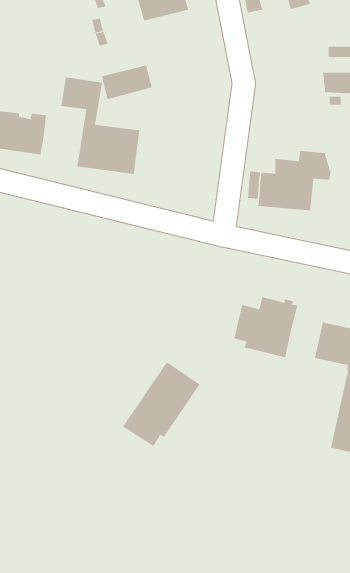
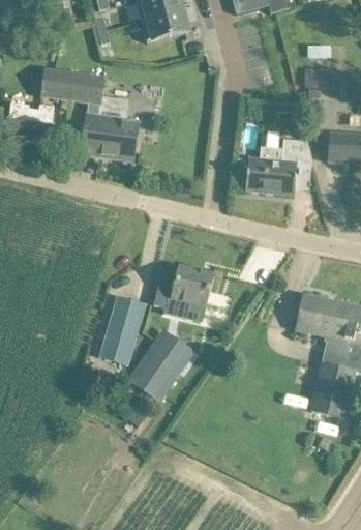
building: [101,65,152,100] -> [142,9,188,41]
building: none -> [40,67,70,97]
building: [233,297,298,358] -> [154,265,213,321]
building: none -> [103,295,144,354]

